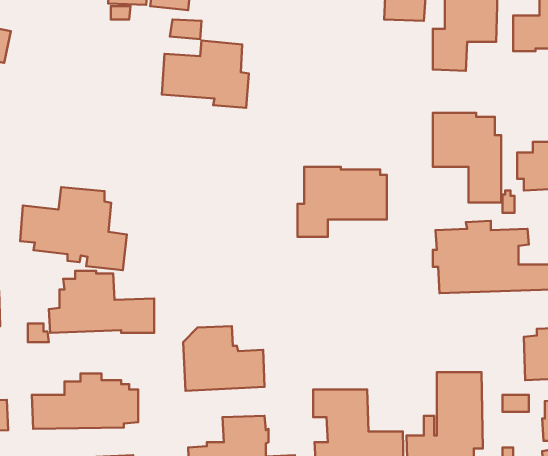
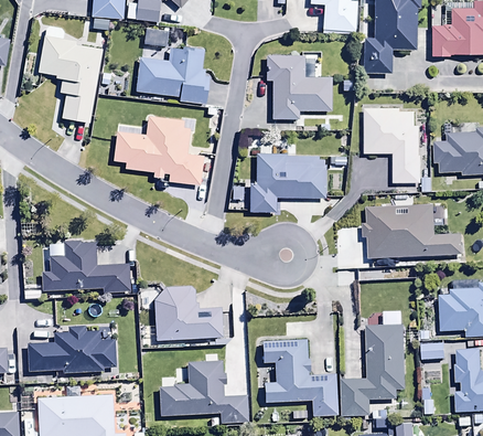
building: none -> [39,25,98,121]
building: none -> [267,54,333,118]
building: [20,187,127,270] -> [114,115,203,184]

